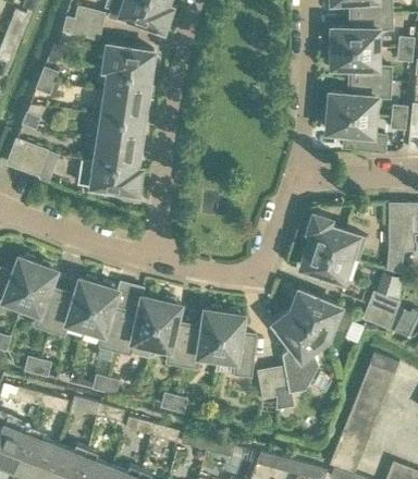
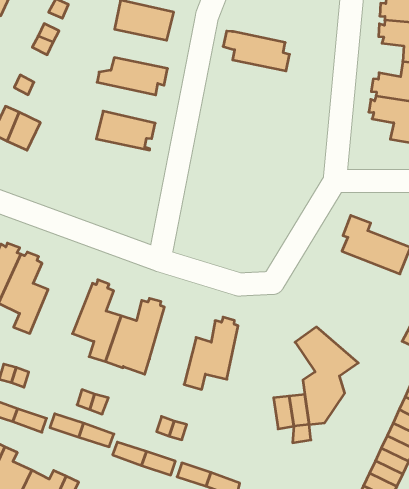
building: [96,69,152,99] -> [223,31,290,71]
building: [90,114,145,146] -> none
building: [77,162,139,193] -> none
building: [299,244,357,281] -> none
building: [48,277,98,335] -> none
building: [290,290,340,337] -> none
building: [150,297,188,365] -> none
building: [217,309,254,376] -> none

